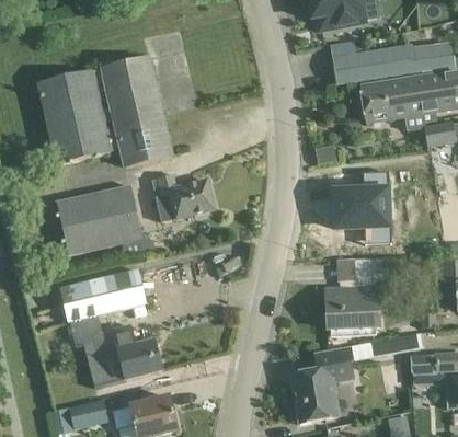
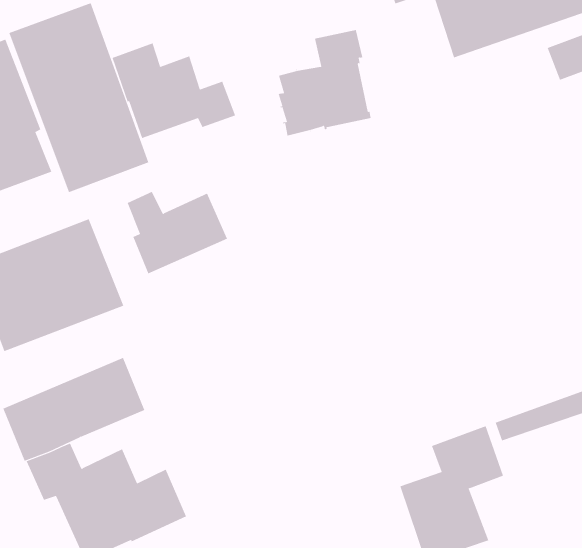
building: none -> [112,42,236,139]
building: [334,172,389,229] -> [278,29,371,136]
building: [325,257,390,329] -> none

